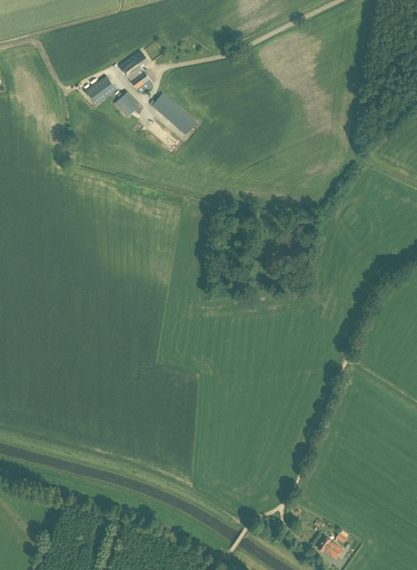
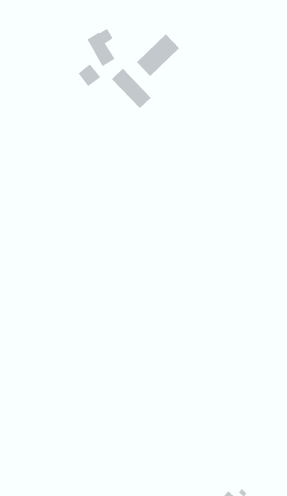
building: none -> [136,33,180,77]
building: [86,76,117,105] -> none

